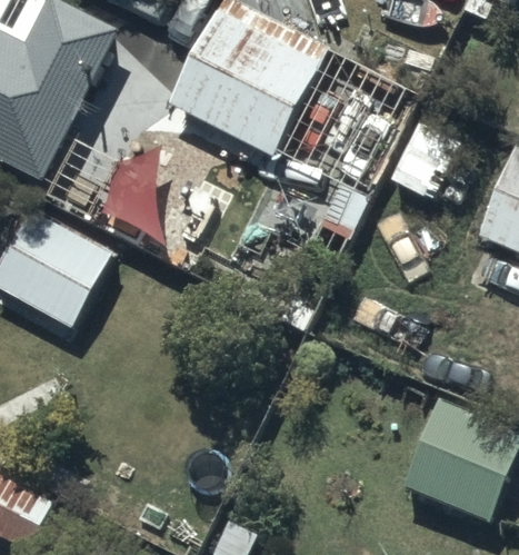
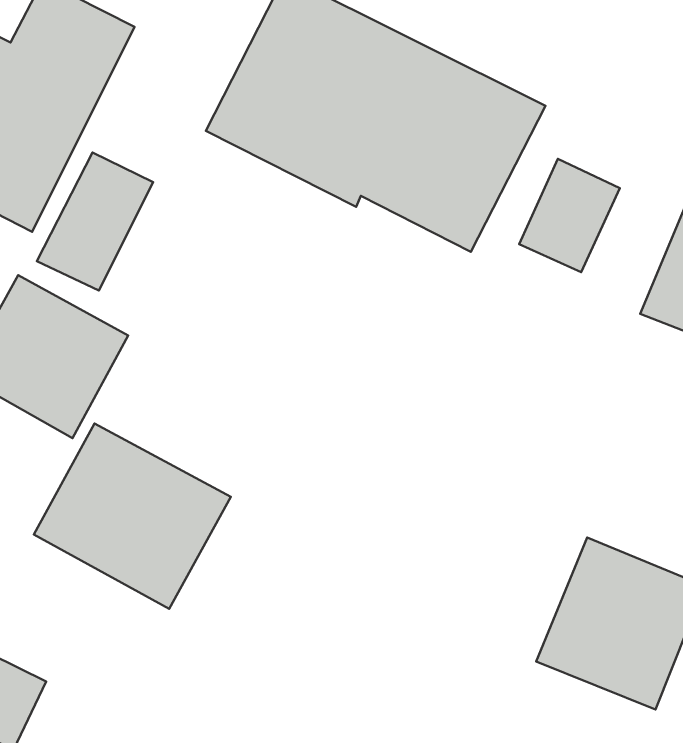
building: none -> [34,423,231,609]

